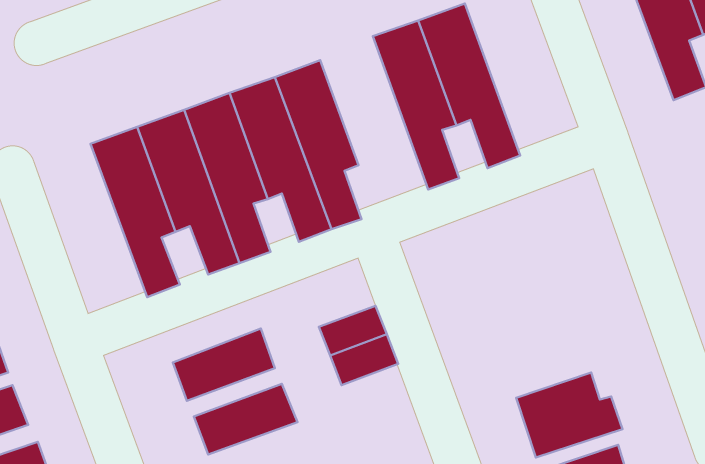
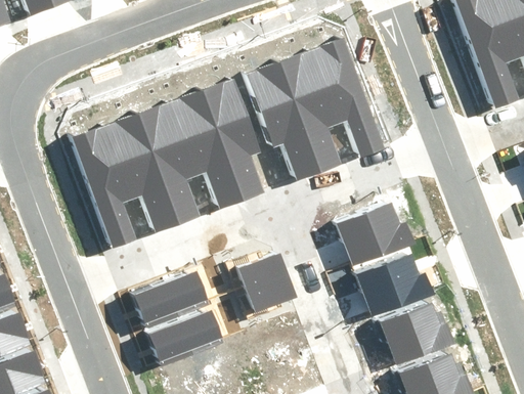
building: none -> [242,59,315,178]
building: none -> [339,206,416,267]
building: none -> [358,258,435,319]

